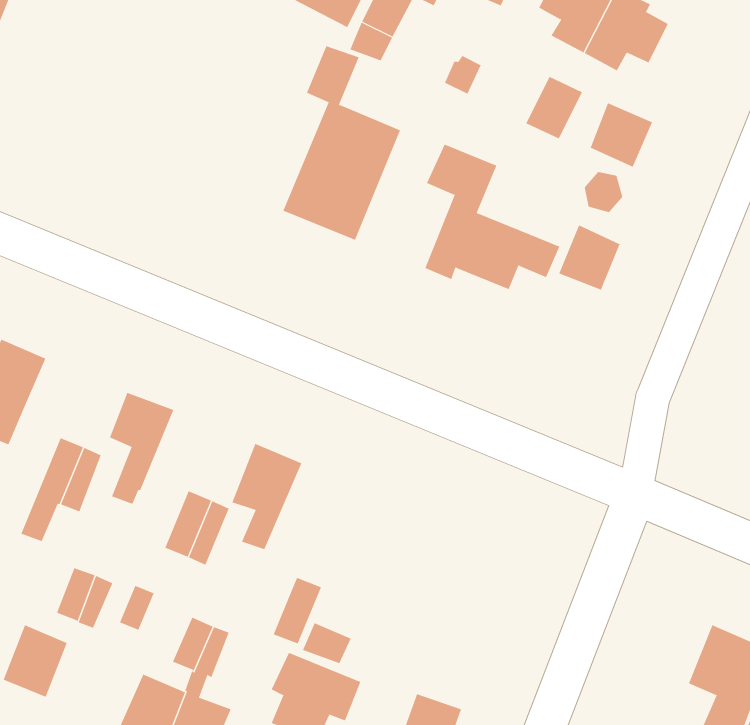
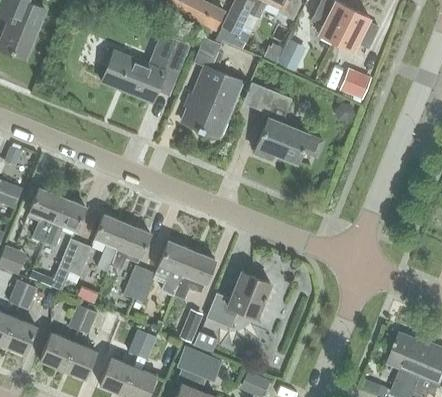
building: none -> [99,32,190,102]
building: [526,76,583,139] -> [277,39,306,71]
building: [559,225,621,291] -> none
building: none -> [43,197,85,246]
building: none -> [110,223,150,269]
building: none -> [173,250,215,299]
building: none -> [207,270,270,324]
building: none -> [62,341,96,378]

